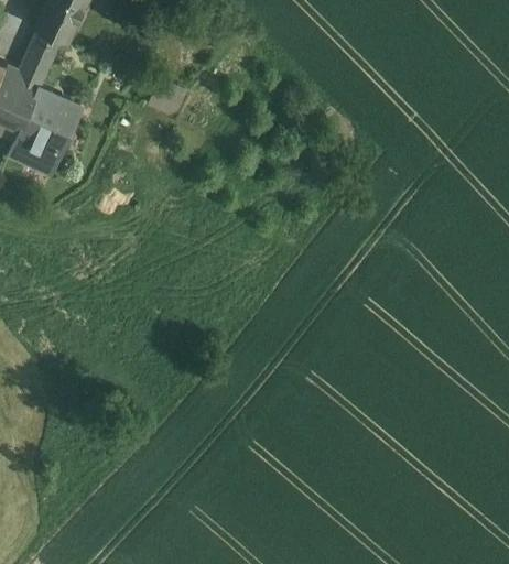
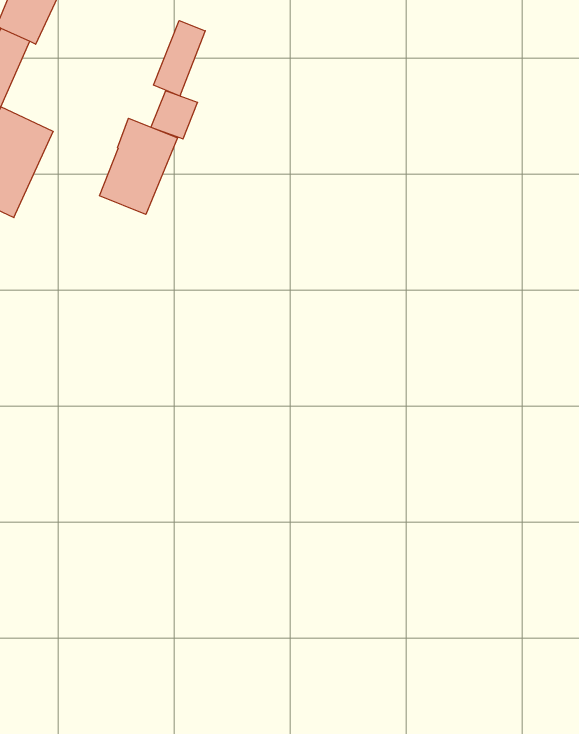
building: none -> [153,21,205,96]
building: none -> [99,118,178,214]

